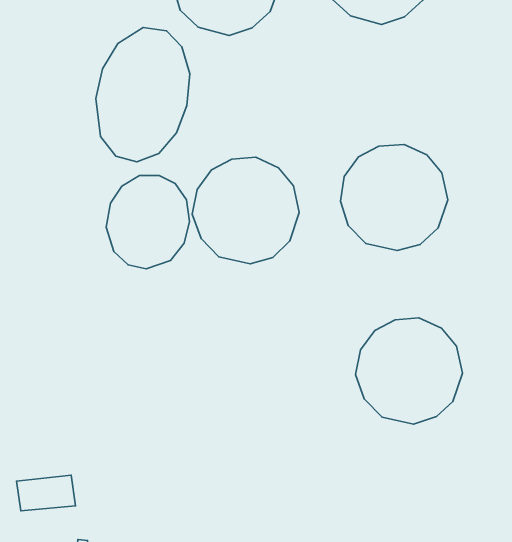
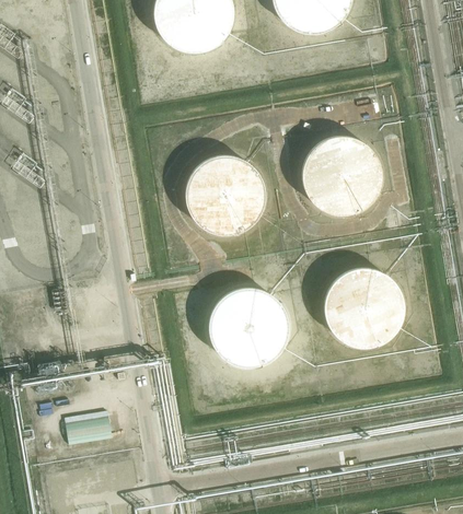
building: [96,27,190,162] -> none
building: [106,176,190,269] -> none
building: none -> [208,284,292,369]

